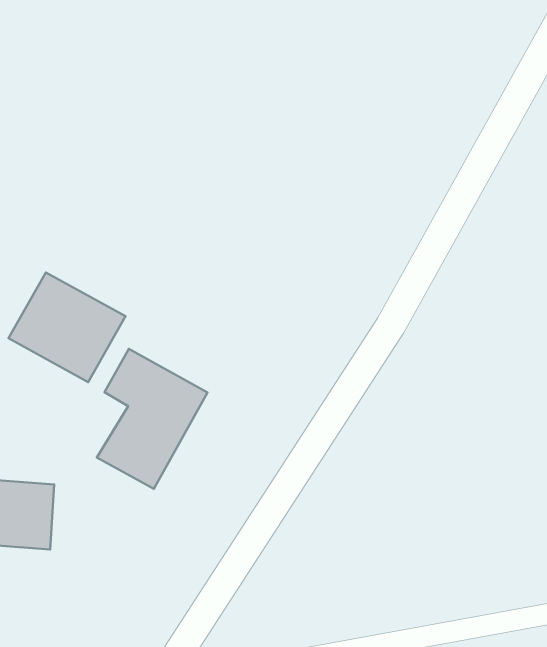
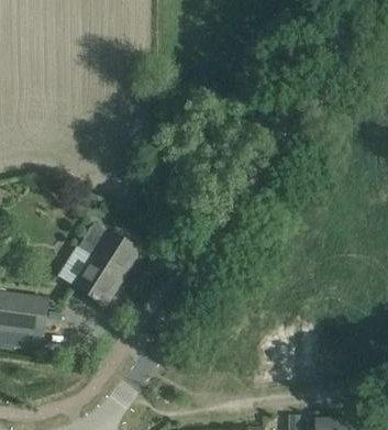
building: [9,272,125,382] -> none

